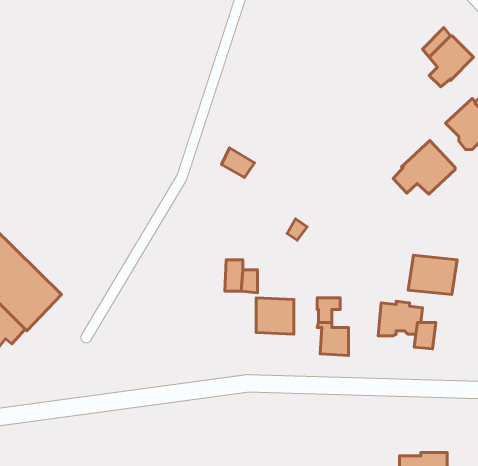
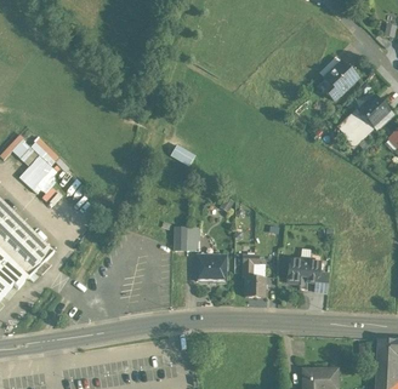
building: [393,140,455,194] -> none
building: none -> [19,156,58,200]
building: [408,255,457,294] -> none

